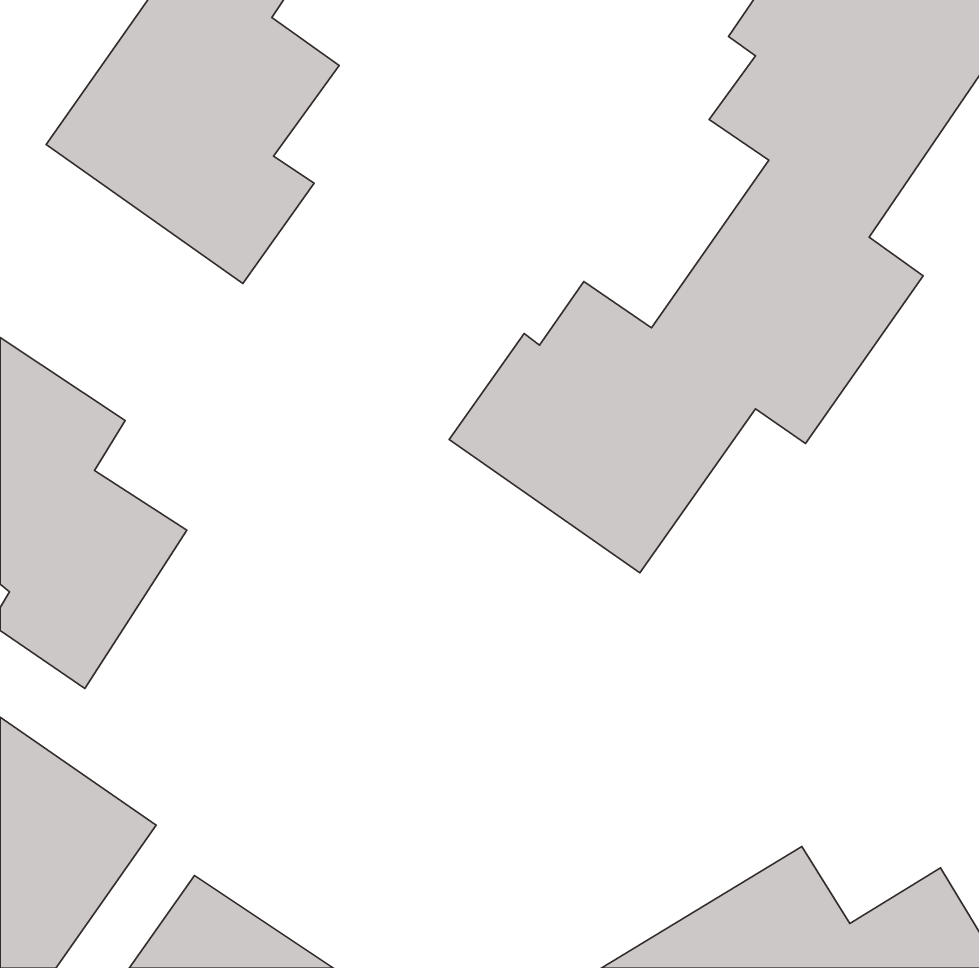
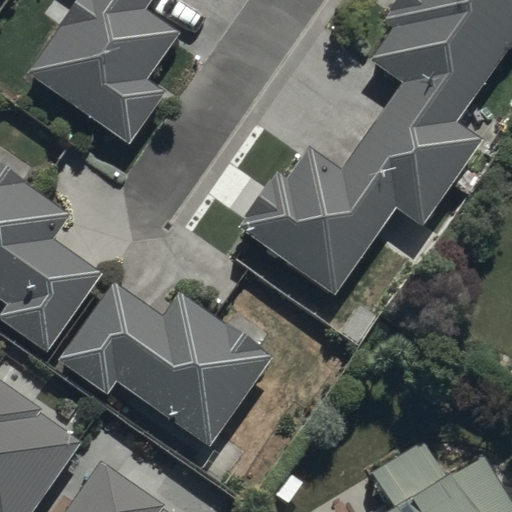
building: none -> [55,282,271,446]

